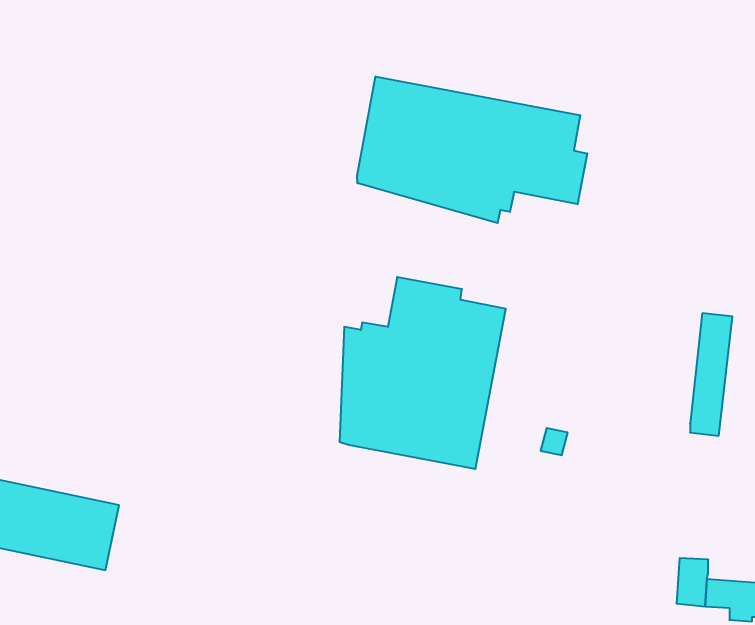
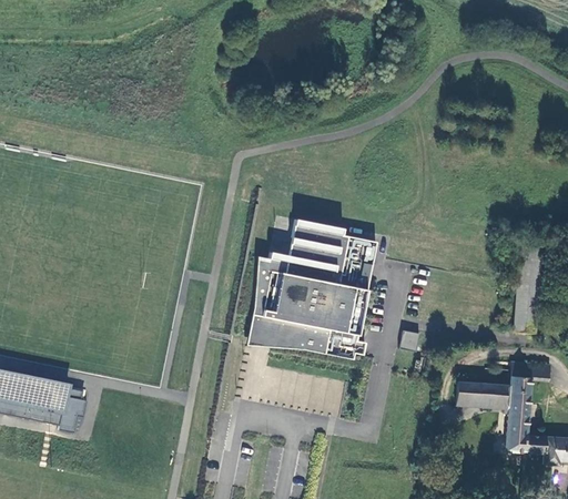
building: [357,76,587,223] -> none
building: none -> [504,363,545,424]
building: none -> [452,384,500,408]

